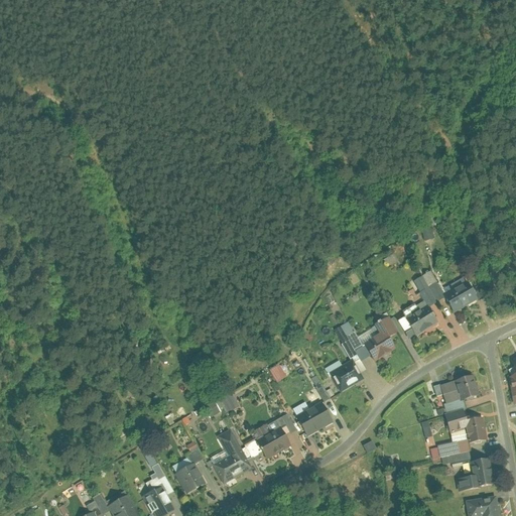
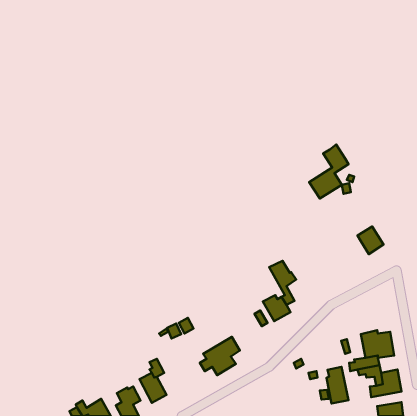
building: [397,273,445,340] -> [309,145,348,199]
building: [360,318,398,362] -> none
building: [438,377,480,412] -> none
building: [294,403,331,436] -> none
building: [209,429,252,483] -> none
building: none -> [327,367,349,403]

